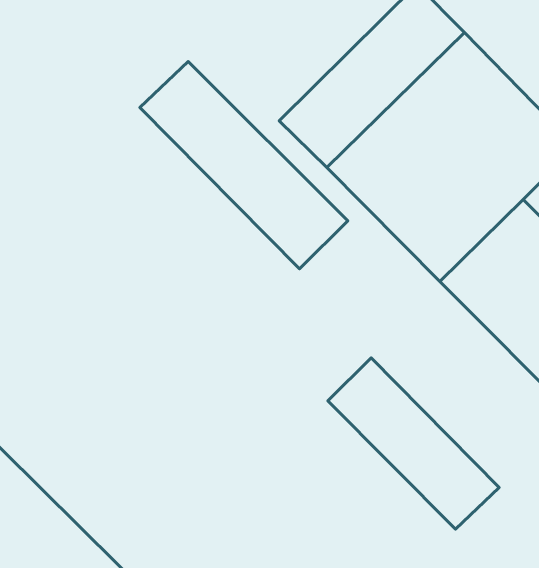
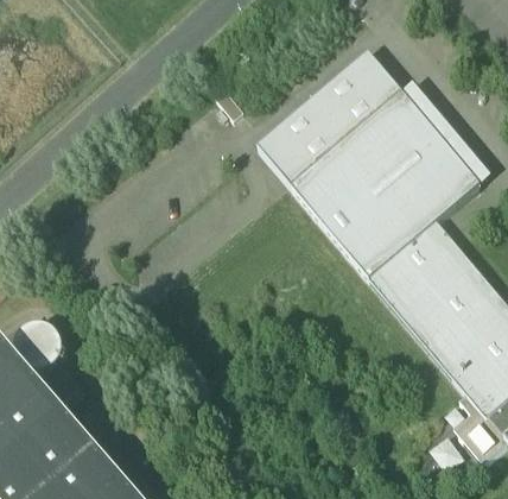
building: [140,61,348,269] -> none
building: [328,358,499,529] -> none

